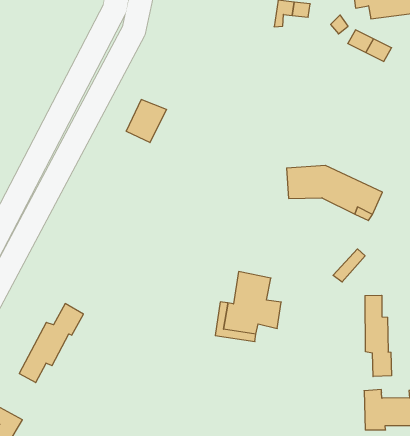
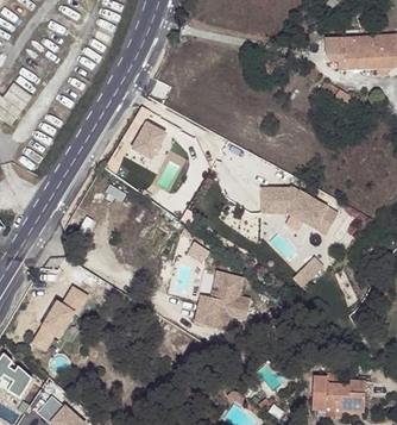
building: [365,295,391,377] -> none

